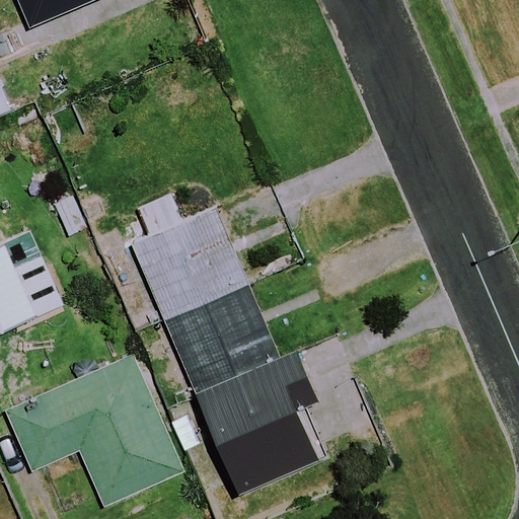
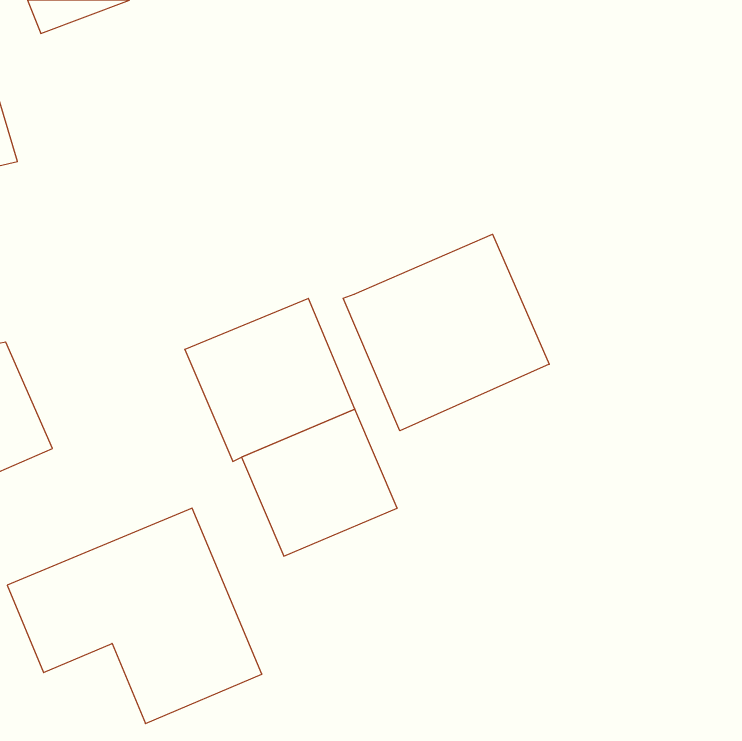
building: none -> [343,234,549,431]
building: [198,351,323,491] -> none

